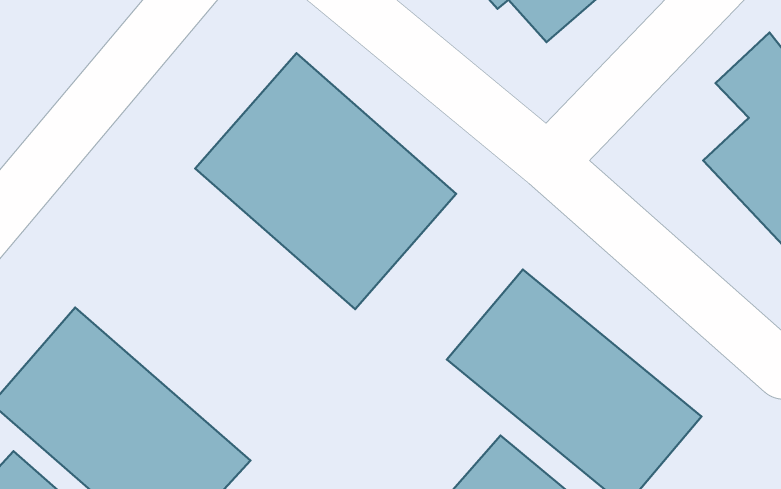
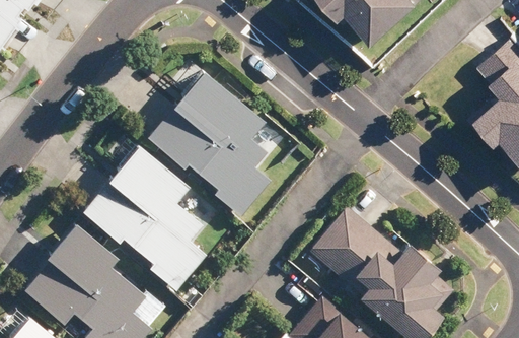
building: none -> [73,147,238,303]

